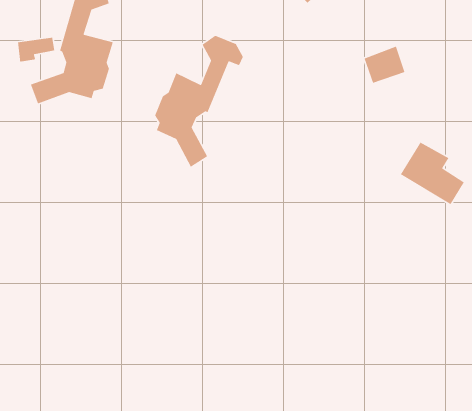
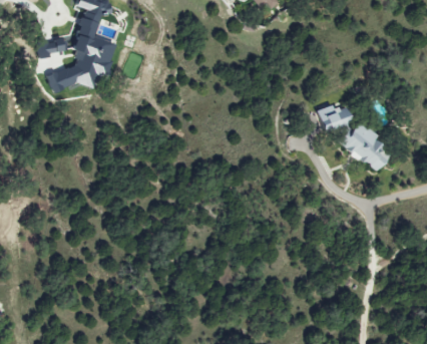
building: [154,35,244,168] -> none
building: [363,46,405,84] -> [317,102,350,132]

